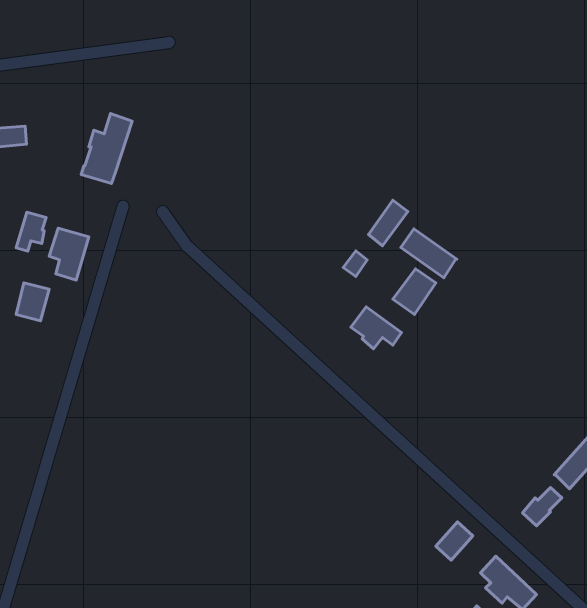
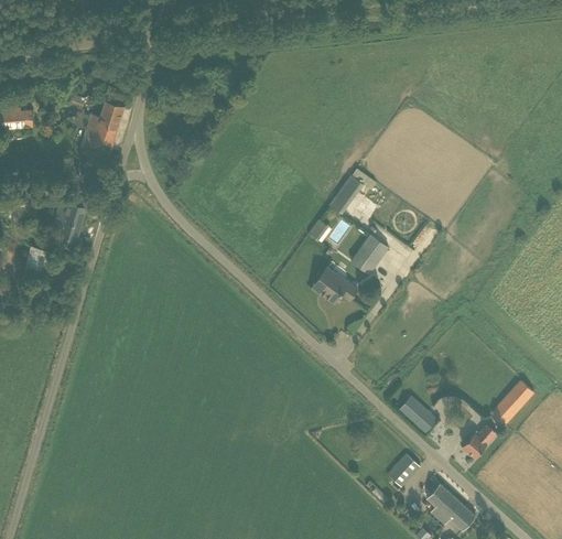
building: [16,212,46,251] -> none
building: [401,229,457,278] -> none
building: none -> [399,395,437,432]

